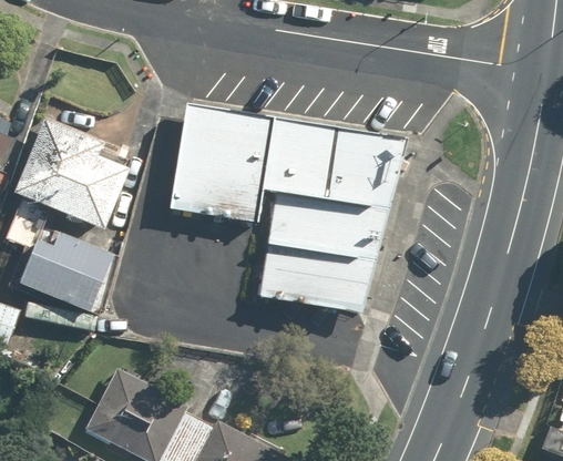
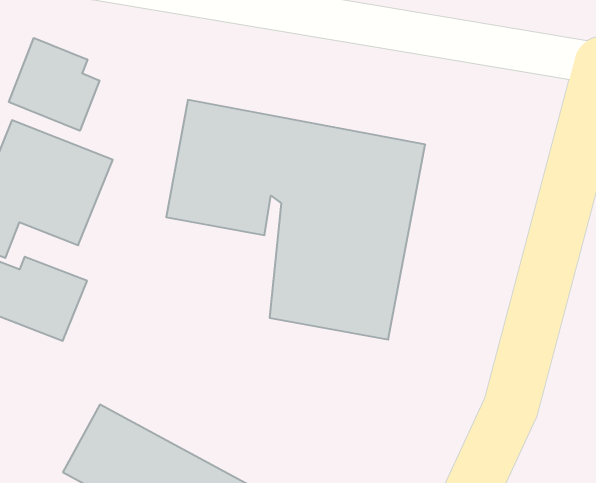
building: none -> [9,38,99,131]

